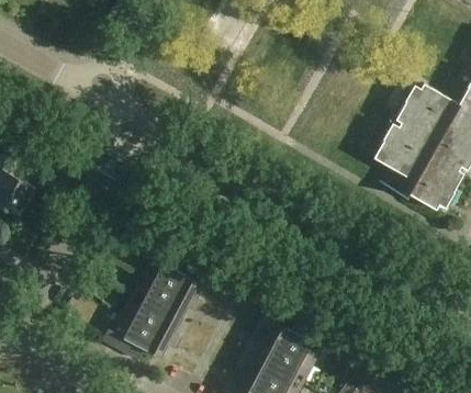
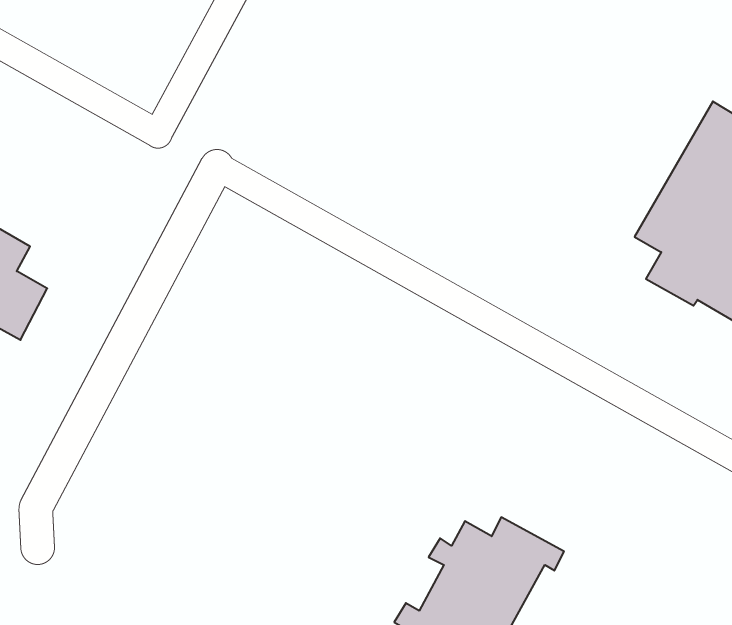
building: [102,245,200,360] -> none

